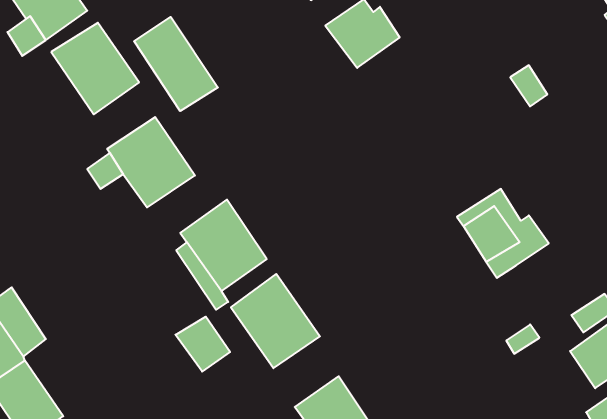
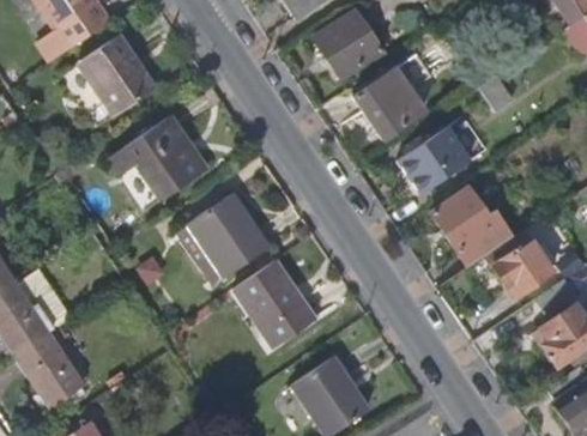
building: [134,17,218,111] -> none
building: none -> [361,72,423,138]
building: none -> [398,119,479,195]
building: none -> [490,213,558,295]
building: [175,317,230,372] -> none

